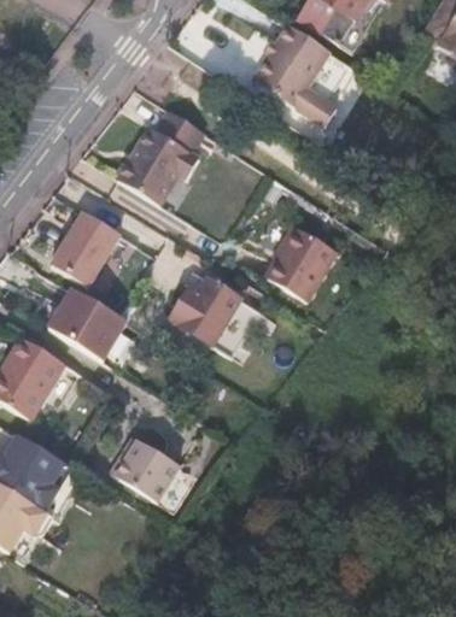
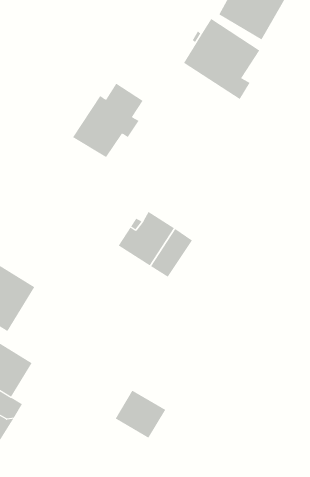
building: [47,205,121,284] -> none
building: [267,225,340,301] -> none
building: [48,284,139,369] -> none
building: [113,440,179,501] -> [115,390,166,438]

